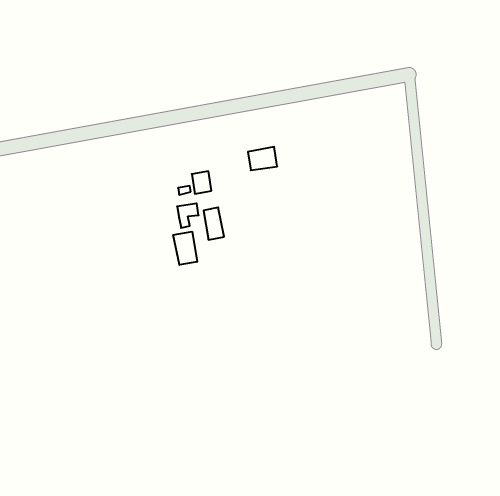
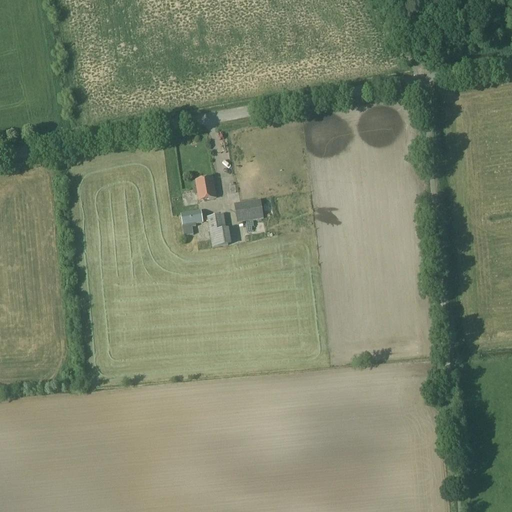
building: [248,147,277,170] -> [234,197,264,221]
building: [173,232,197,265] -> none

